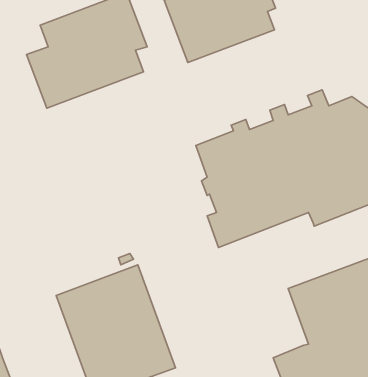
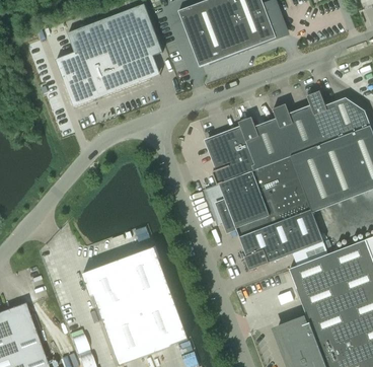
building: none -> [239,209,323,270]

